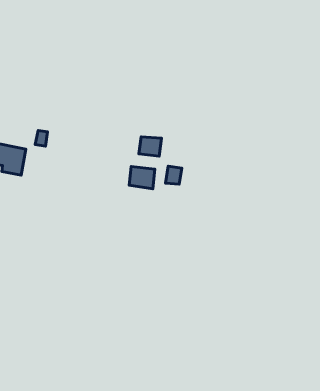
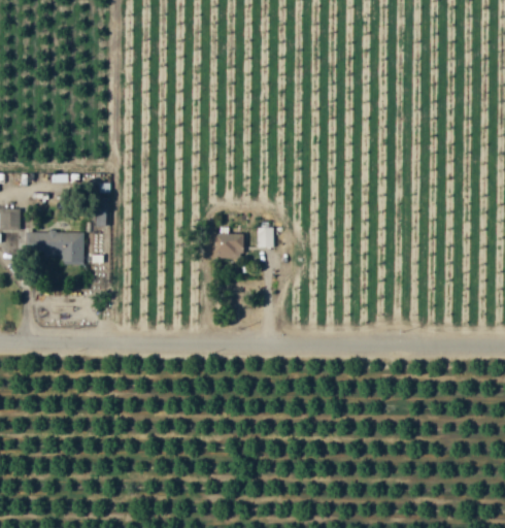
building: [139,137,161,156] -> none

